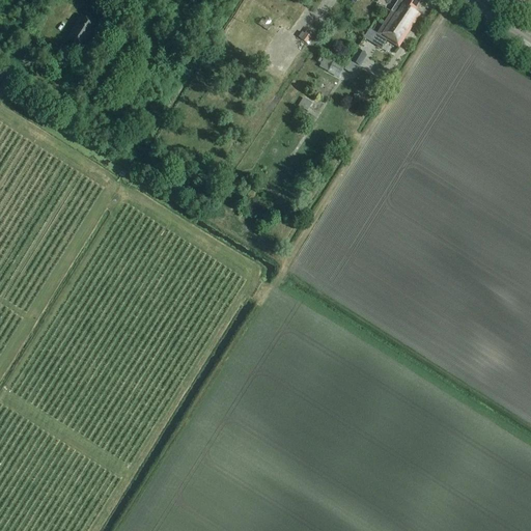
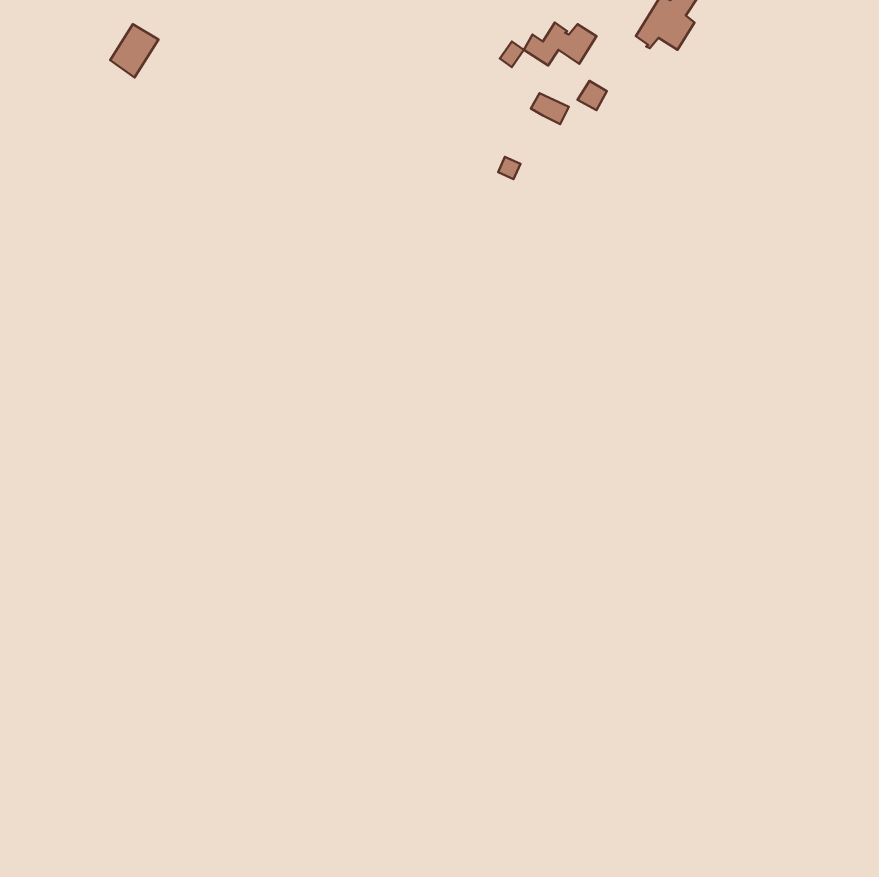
building: [364,22,408,48] -> [524,22,596,65]

